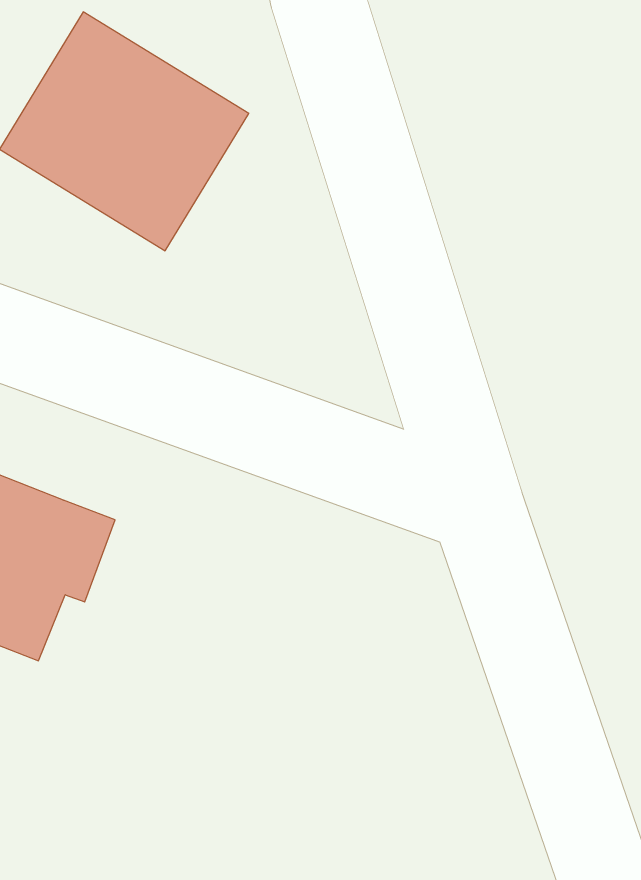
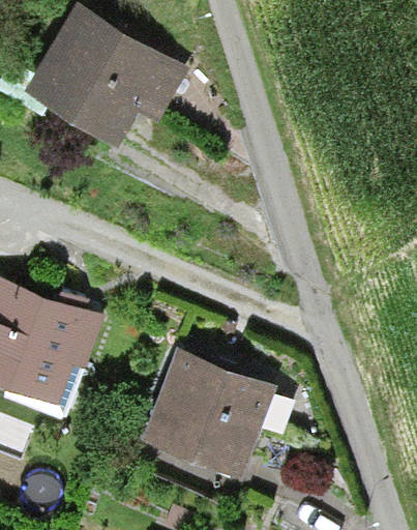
building: none -> [145,348,277,475]

